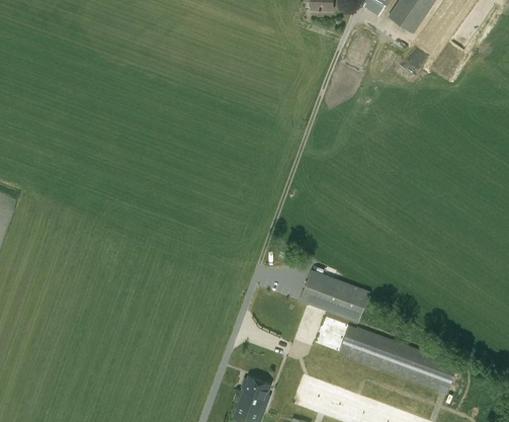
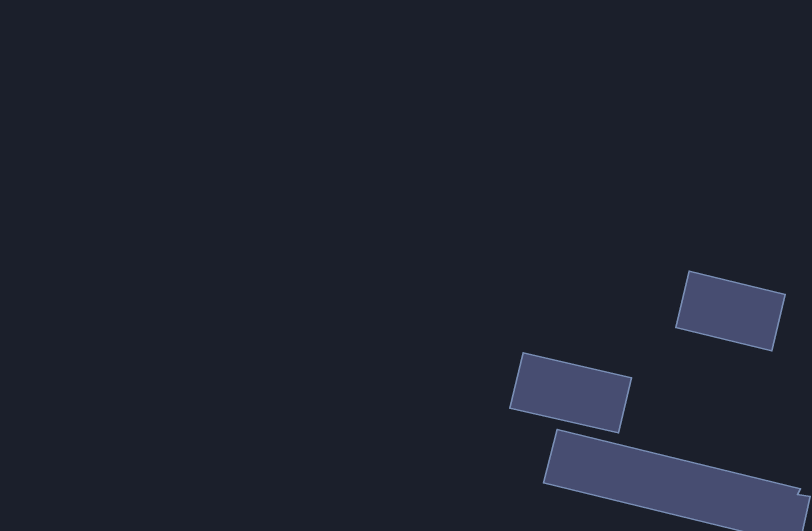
building: none -> [676,271,785,351]

